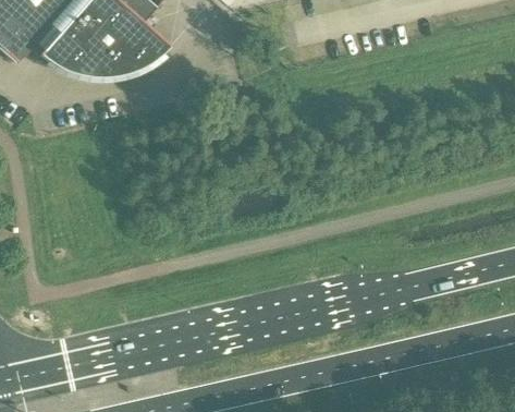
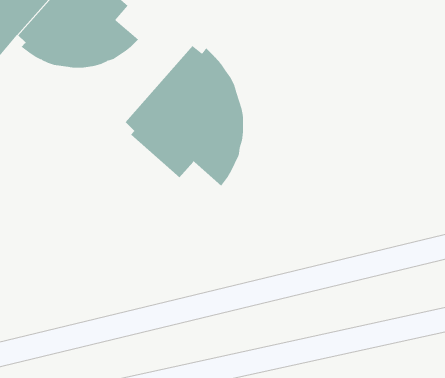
building: none -> [125,45,244,186]

